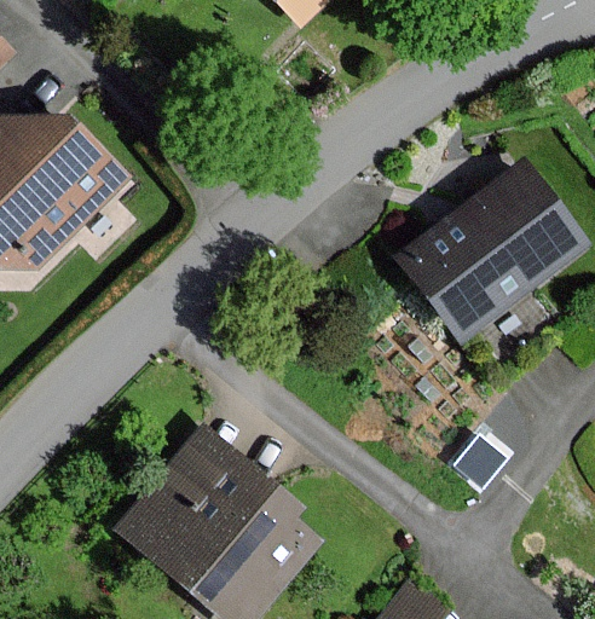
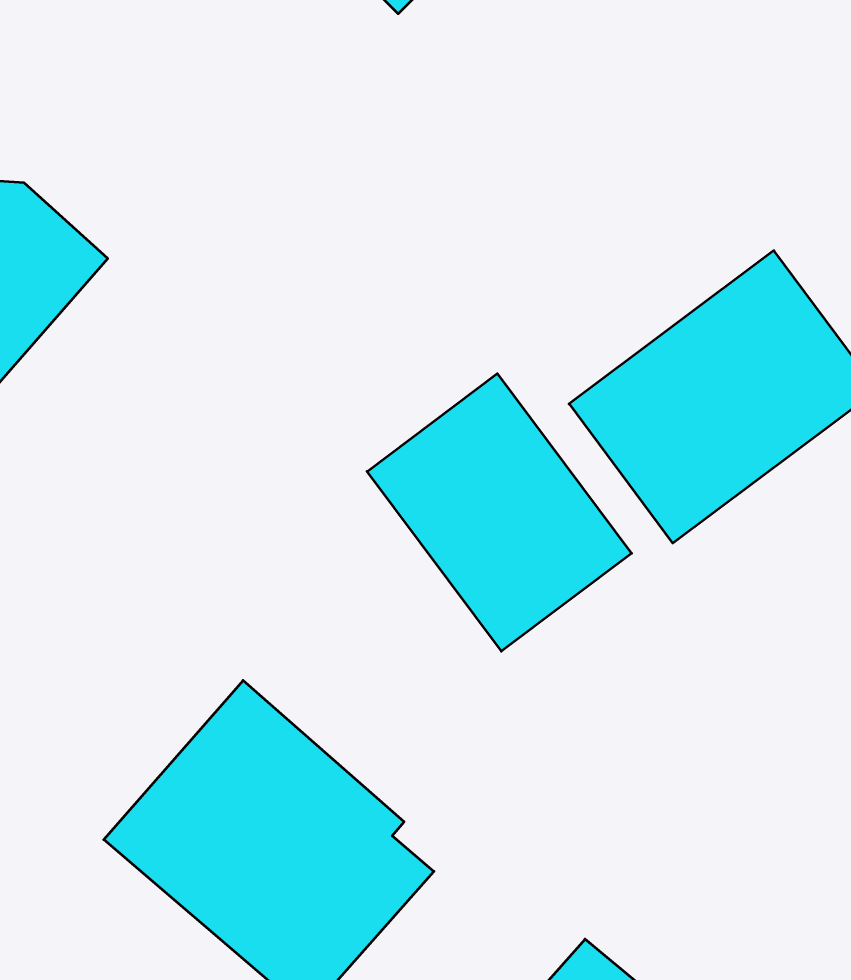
building: none -> [367,374,632,651]

